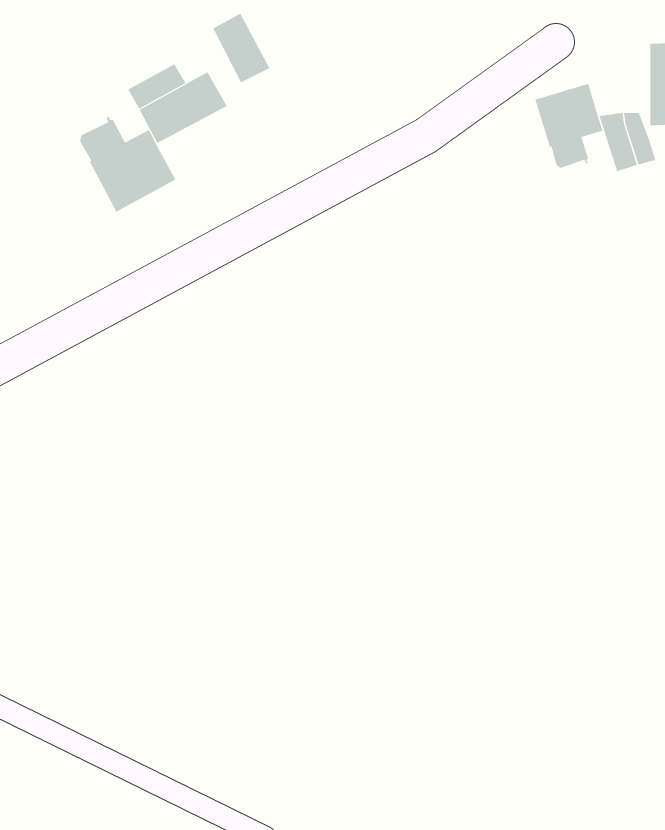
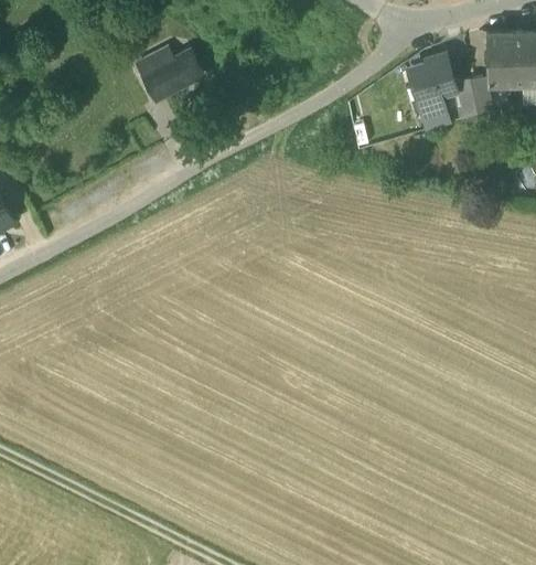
building: [212,13,270,83] -> none
building: [80,115,176,212] -> none

